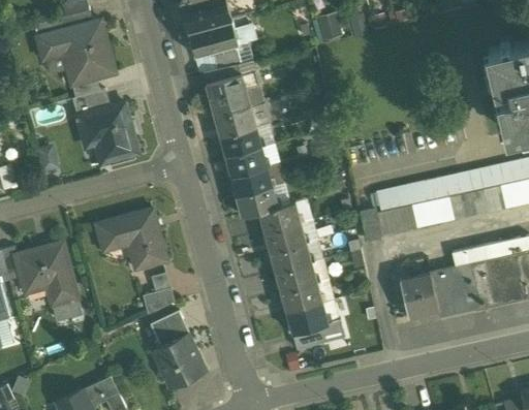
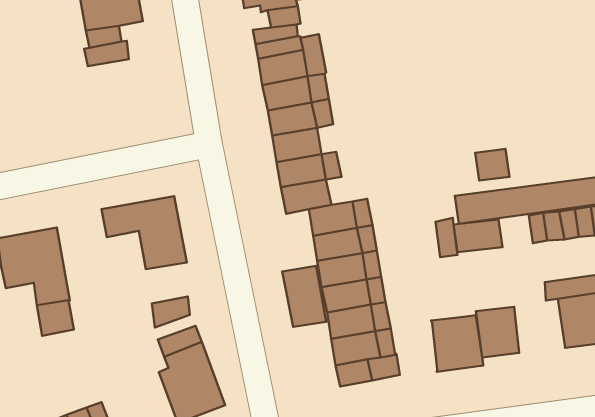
building: [76,105,137,164] -> none
building: [410,200,439,227] -> [475,149,509,181]
building: none -> [282,266,326,327]
building: [428,264,472,312] -> [431,315,483,372]

